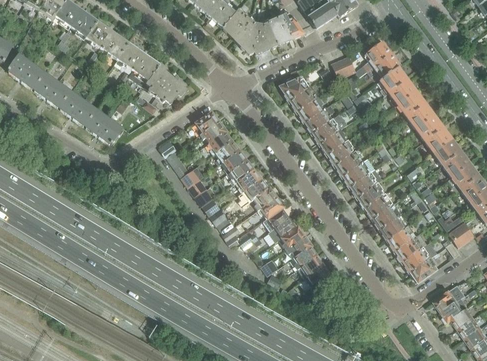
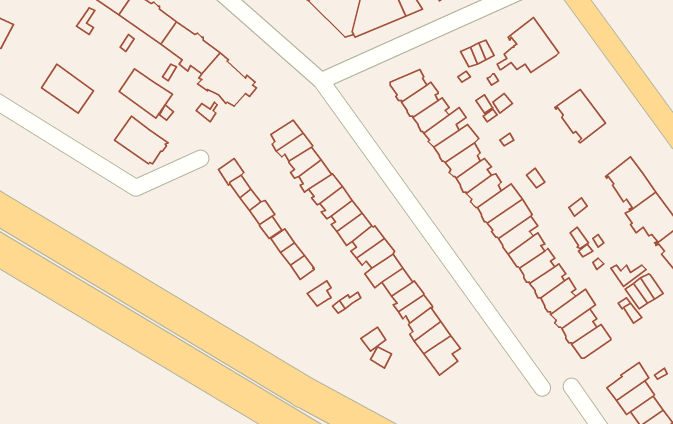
building: [7,54,43,89] -> none
building: [378,66,415,103] -> none
building: [58,91,96,126] -> [119,69,173,118]
building: [415,114,451,152] -> none

